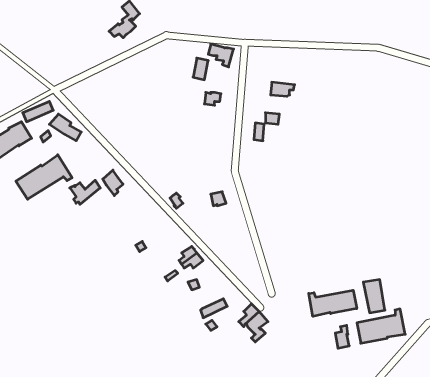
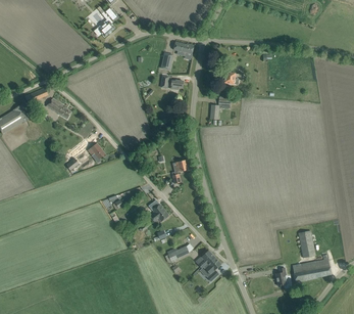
building: [16,155,72,199] -> none
building: [309,290,357,316] -> none

